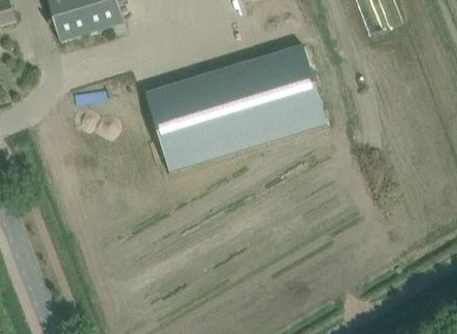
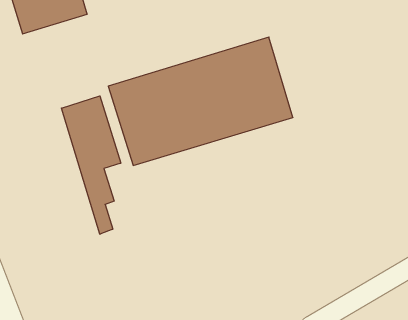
building: none -> [61,96,121,234]

